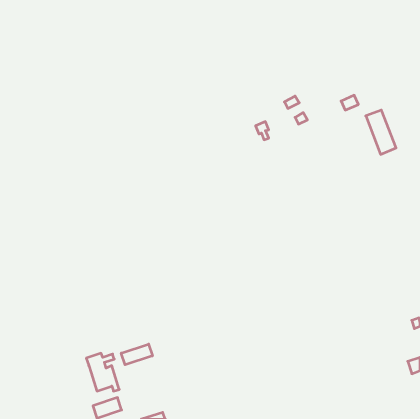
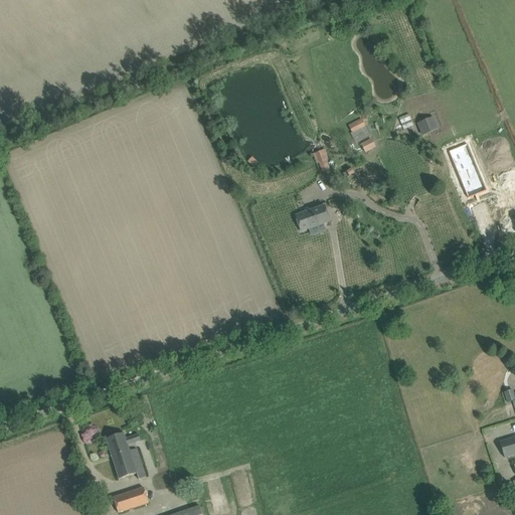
building: none -> [295,204,330,230]
building: [121,344,152,365] -> none

